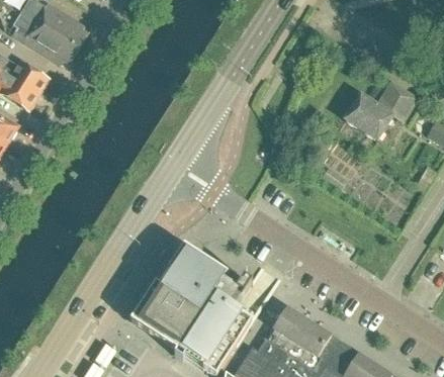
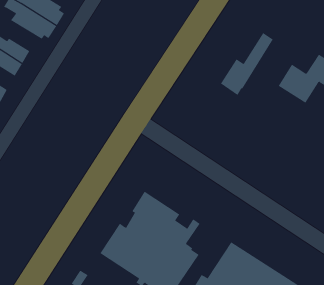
building: none -> [220,32,274,96]

